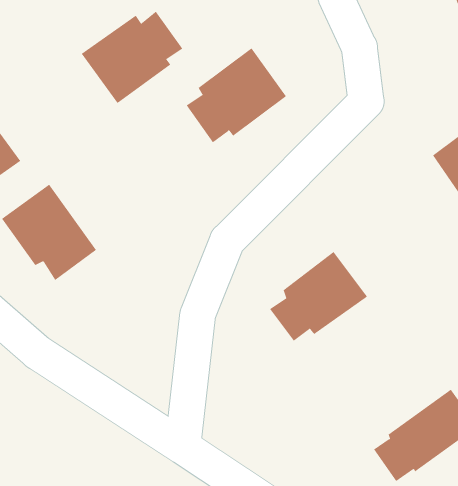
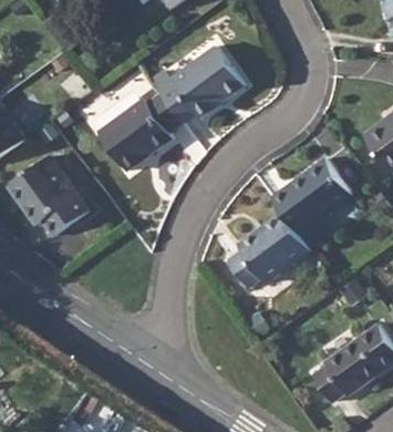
building: [81,11,183,104] -> [99,93,183,169]
building: none -> [271,158,350,248]

